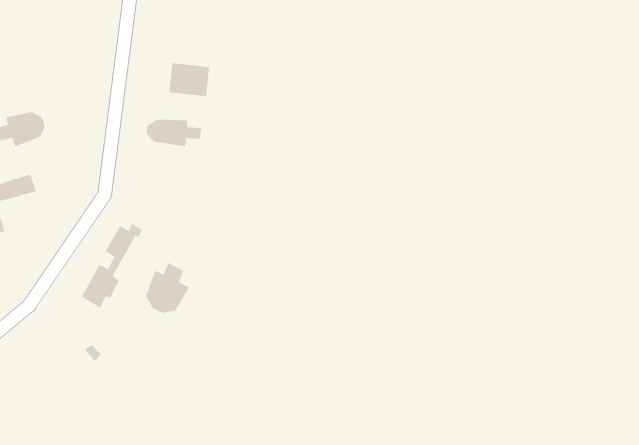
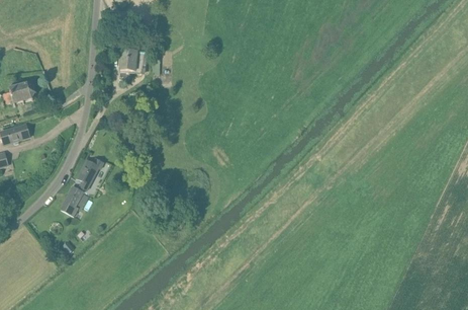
building: [146,119,202,147] -> none
building: [145,262,190,313] -> none

